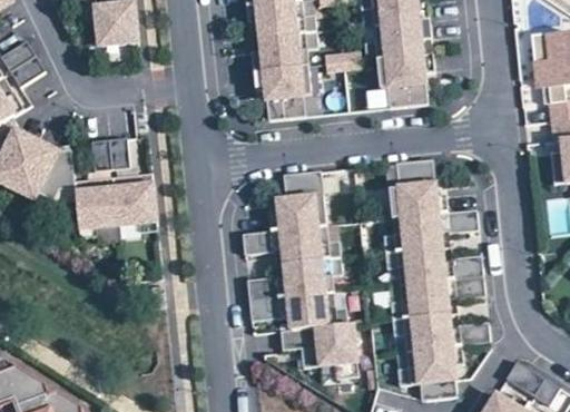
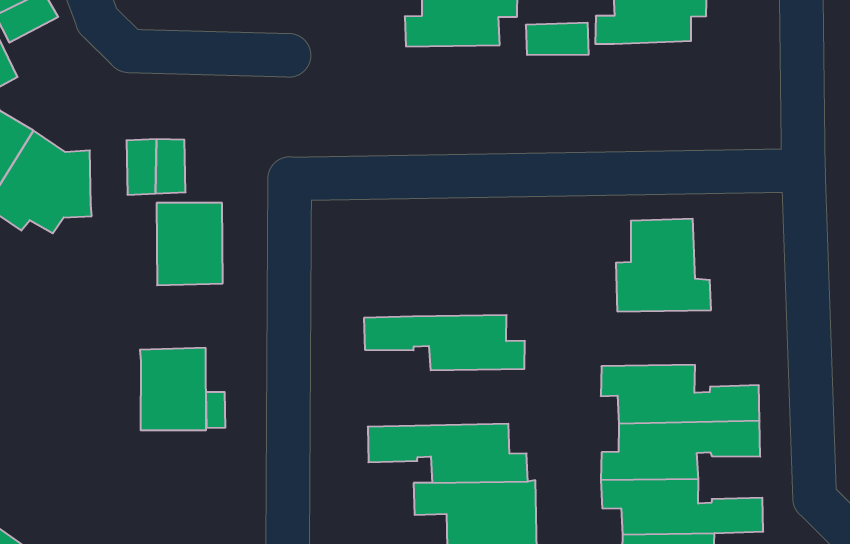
building: [376,53,433,108] -> none
building: [253,66,311,120] -> none
building: [268,171,326,232] -> none
building: [73,177,117,229] -> [140,348,206,430]
building: [383,209,478,252] -> none
building: [247,257,342,300] -> none

